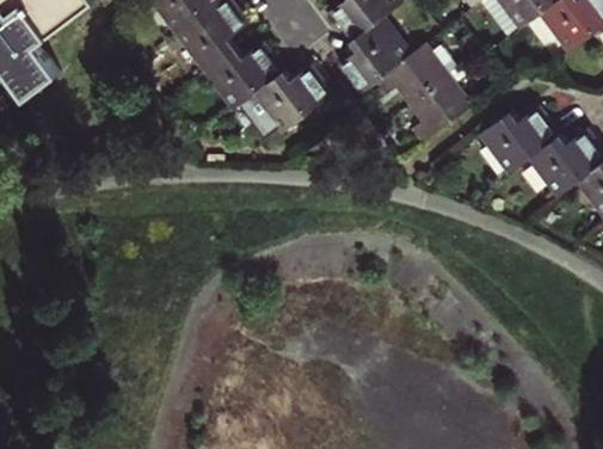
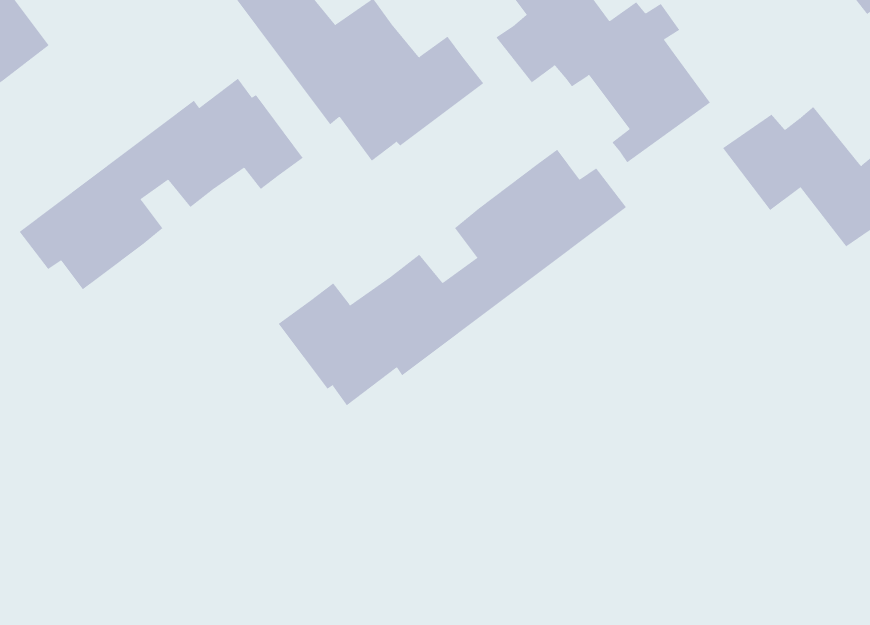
building: none -> [19,78,304,290]
building: none -> [278,149,627,406]

